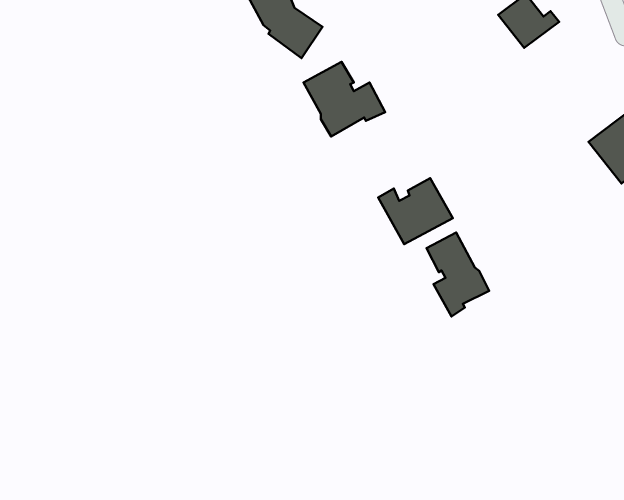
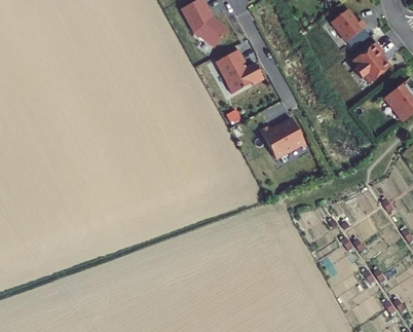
building: none -> [352,41,390,82]
building: [426,233,489,317] -> none

